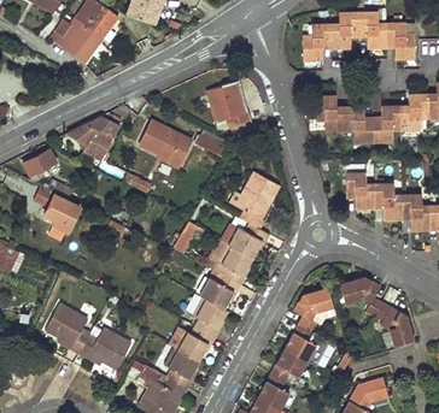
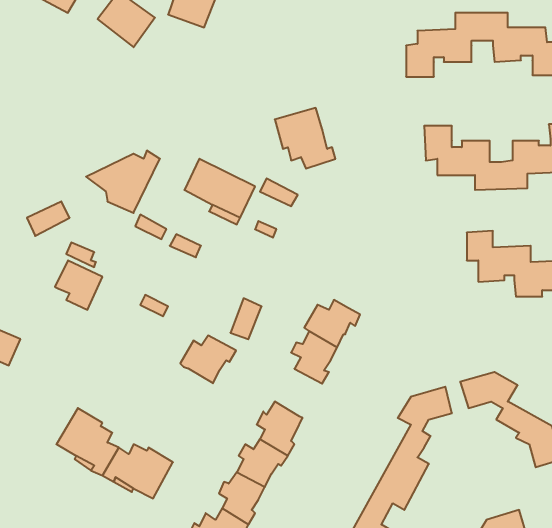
building: [54,17,101,63] -> none
building: [236,170,279,229] -> none
building: [199,273,240,308] -> [180,336,236,383]

